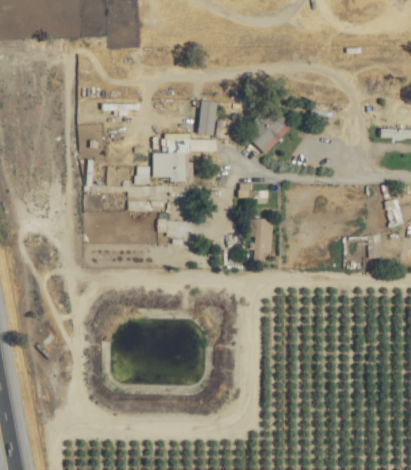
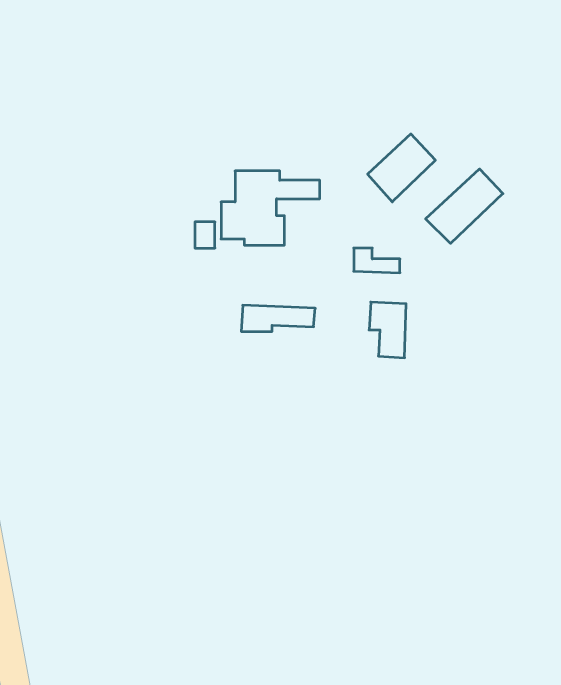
building: [197,100,218,136] -> none
building: none -> [426,169,503,243]

